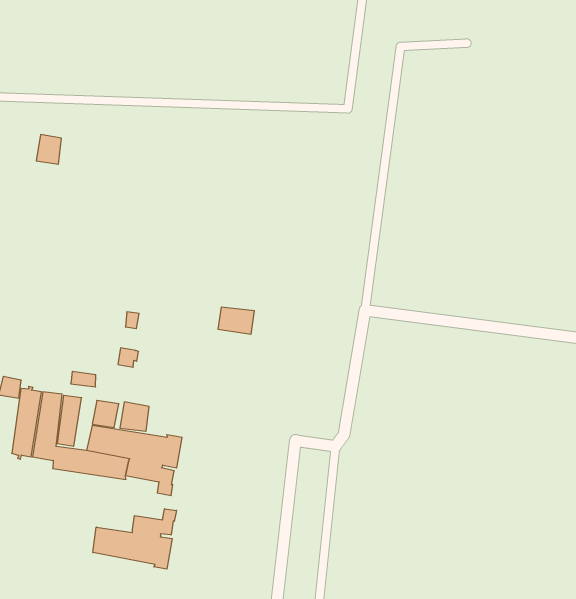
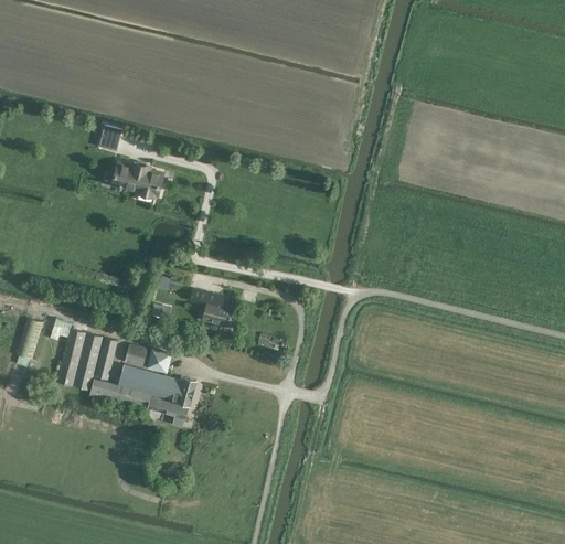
building: none -> [114,162,164,196]
building: [218,307,254,334] -> [202,301,233,326]
building: [93,509,176,569] -> none

